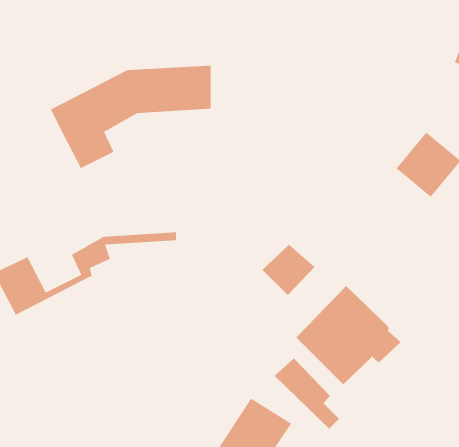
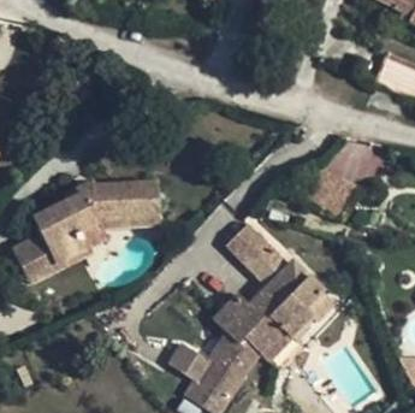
building: [50,65,211,169] -> [31,181,158,262]

